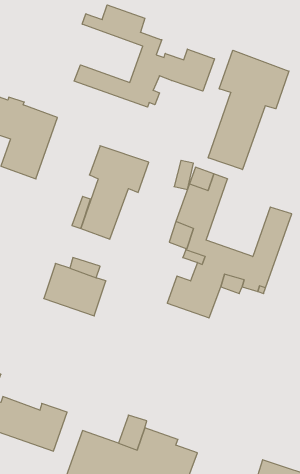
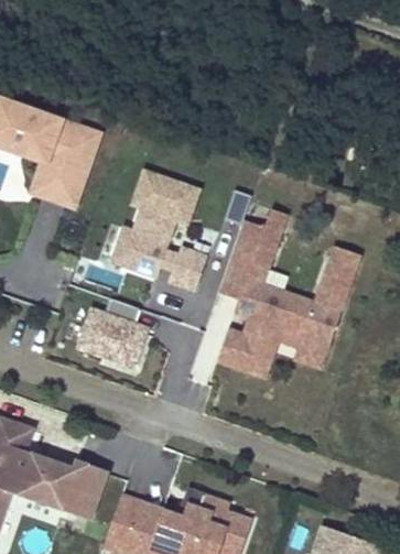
building: [74,5,214,107] -> none
building: [208,50,289,170] -> none
building: none -> [167,248,206,292]

